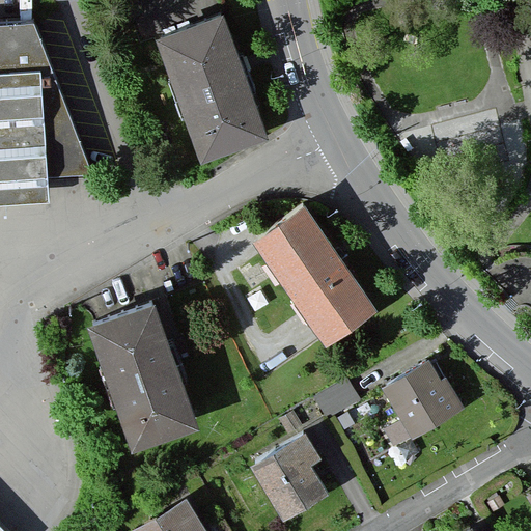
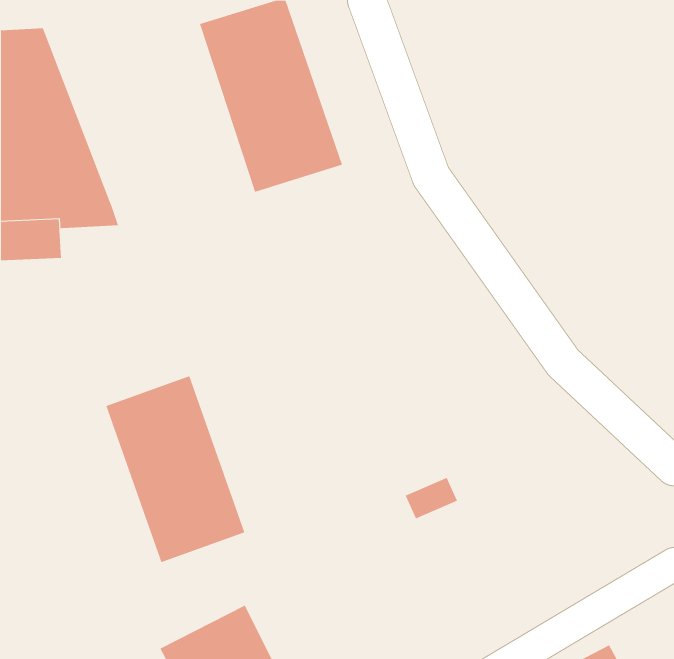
building: [253,221,374,357] -> none
building: [378,353,463,436] -> none
building: [250,420,346,516] -> none

